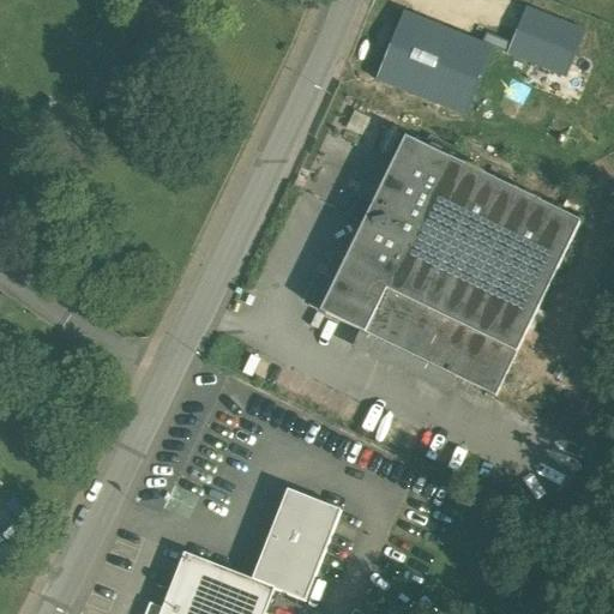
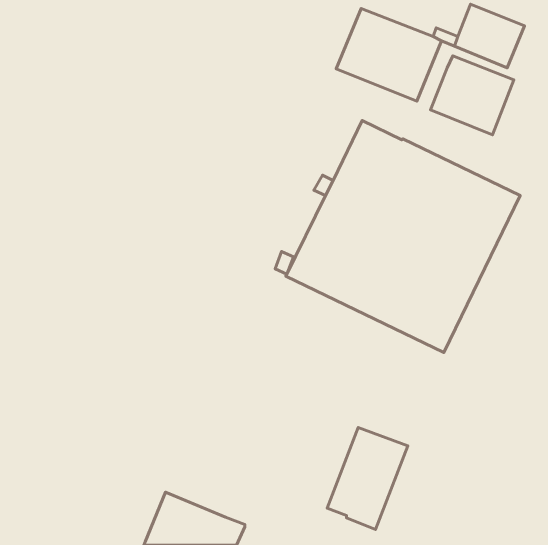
building: none -> [430,56,514,135]
building: [252,487,342,601] -> [327,427,408,530]

